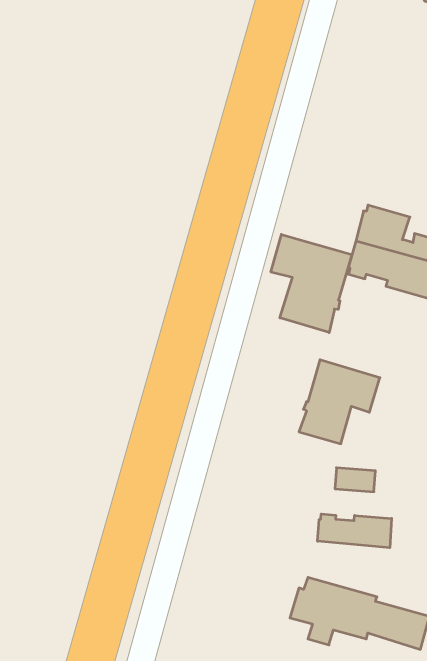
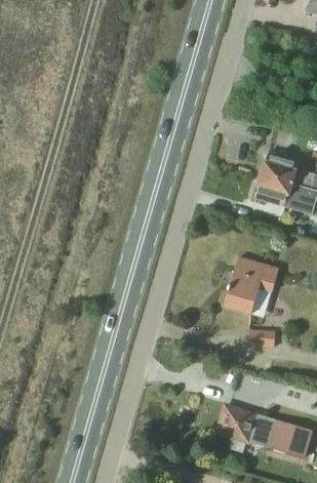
building: [271,234,352,333] -> none
building: [318,514,392,548] -> none

